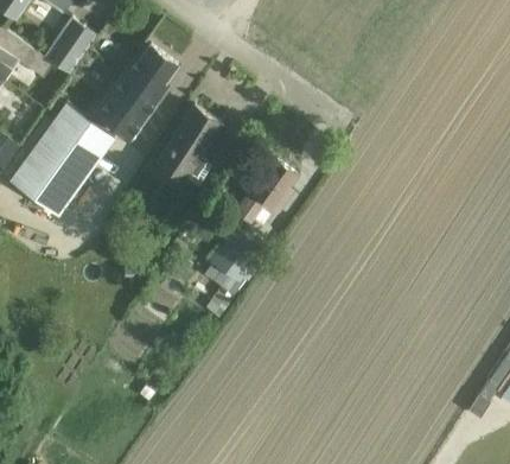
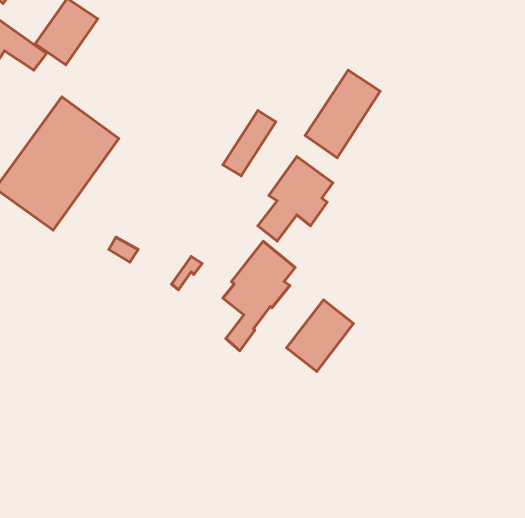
building: [94,46,177,139] -> none
building: [157,106,221,180] -> [305,70,380,158]
building: none -> [286,300,354,372]

